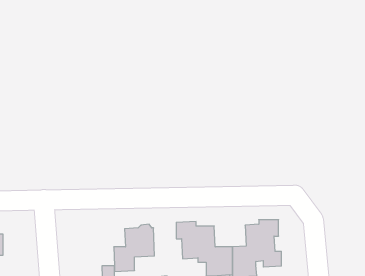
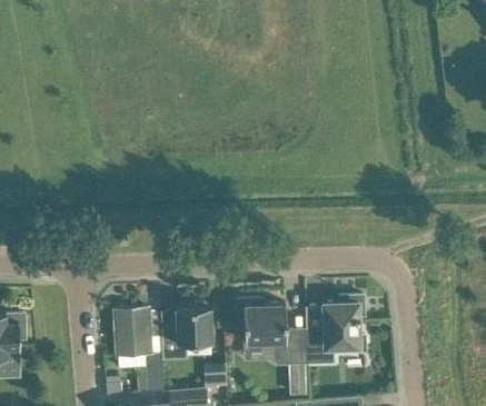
building: none -> [112,307,153,354]

